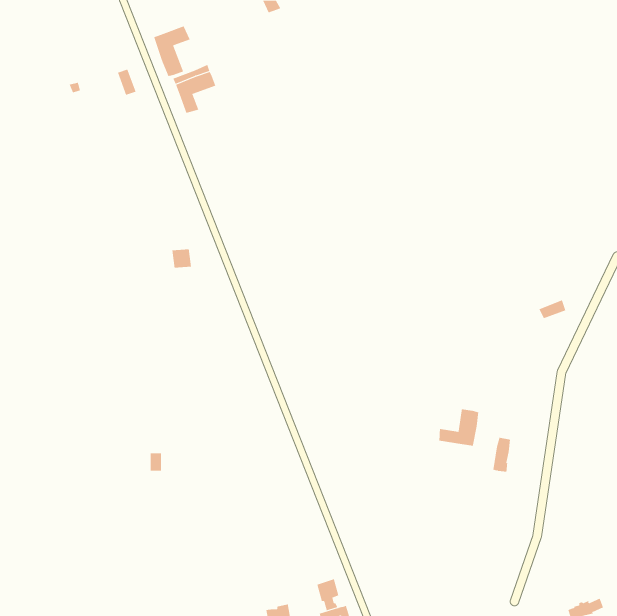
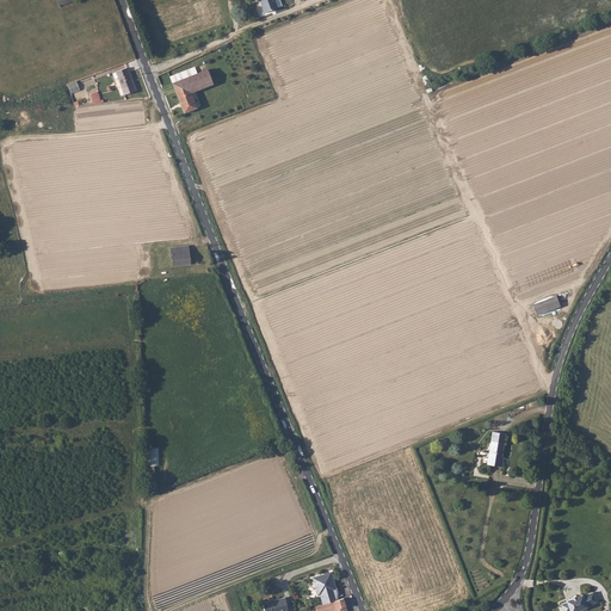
building: [153,26,190,77] -> none
building: [439,408,479,447] -> none

